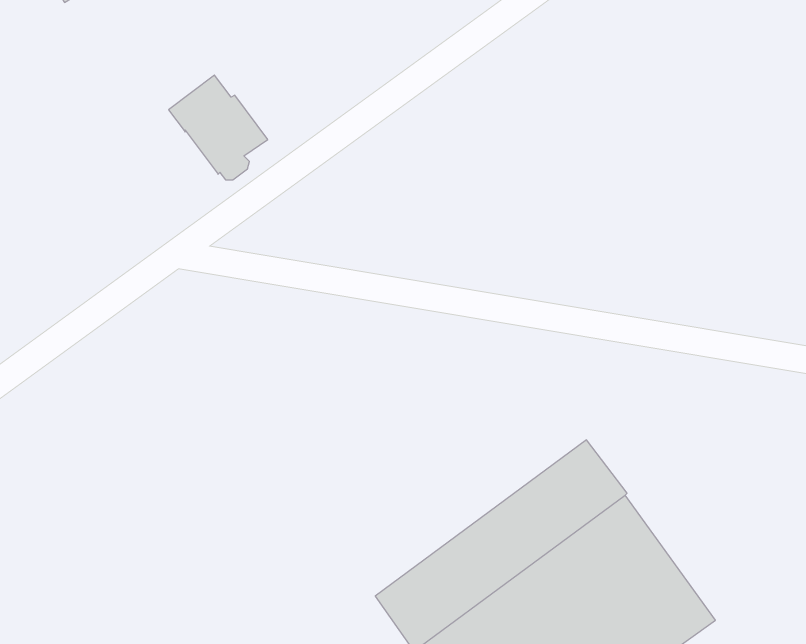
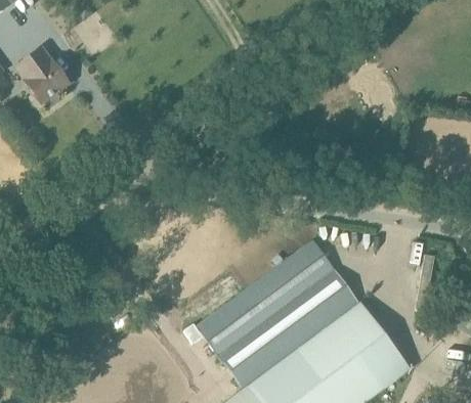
building: [169,75,268,180] -> [14,49,70,107]
building: none -> [196,240,337,359]

